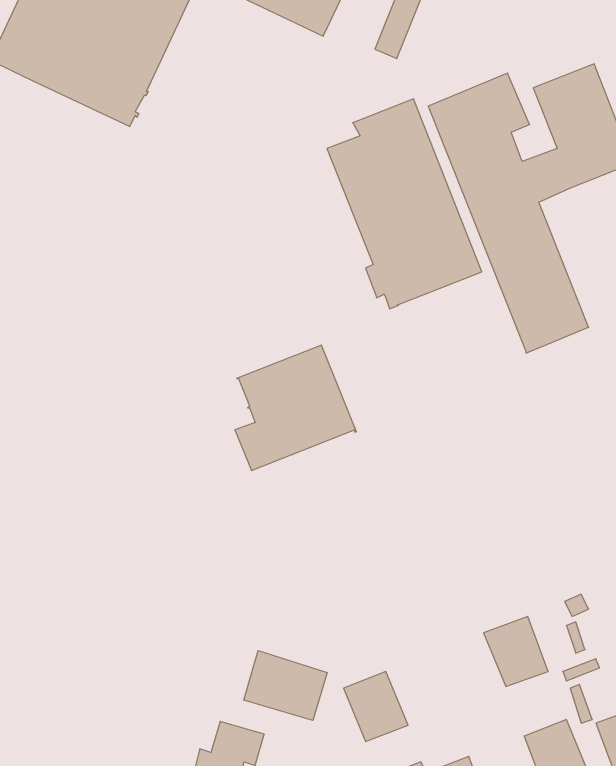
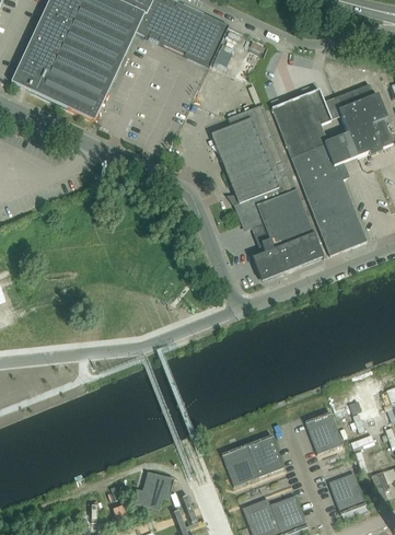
building: [235,345,356,470] -> [252,206,324,280]
building: [244,651,327,720] -> none
building: none -> [246,433,284,475]

